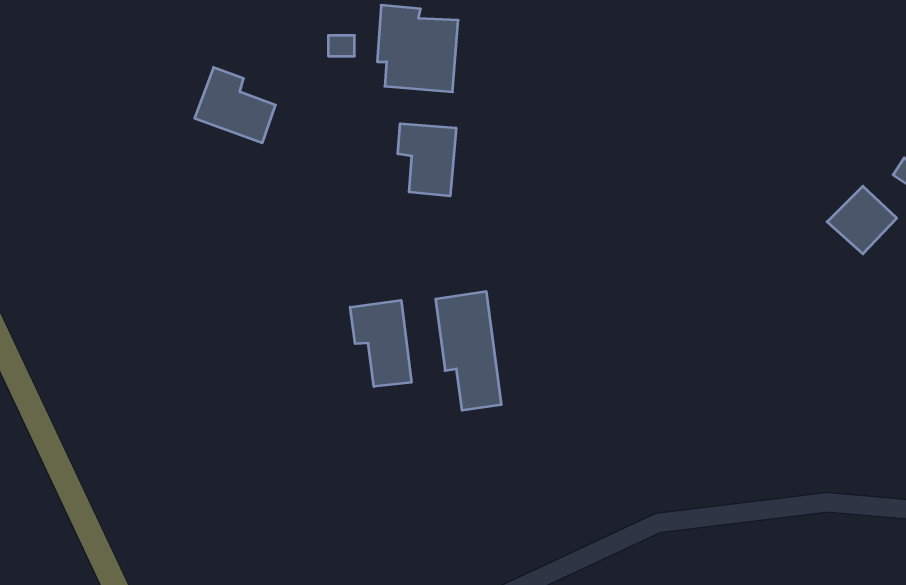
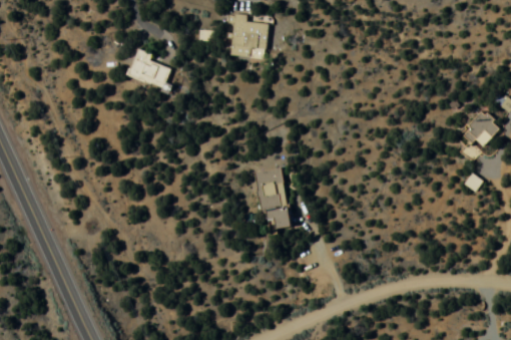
building: [398,124,456,196] -> none
building: [350,300,411,387] -> none

